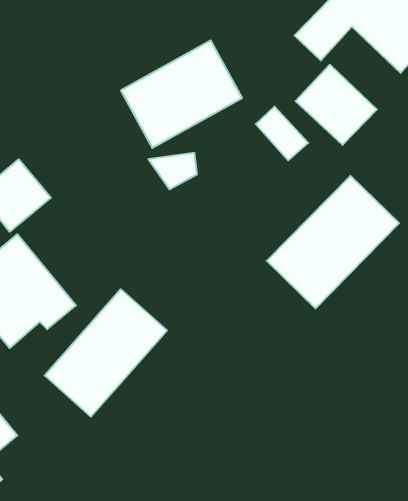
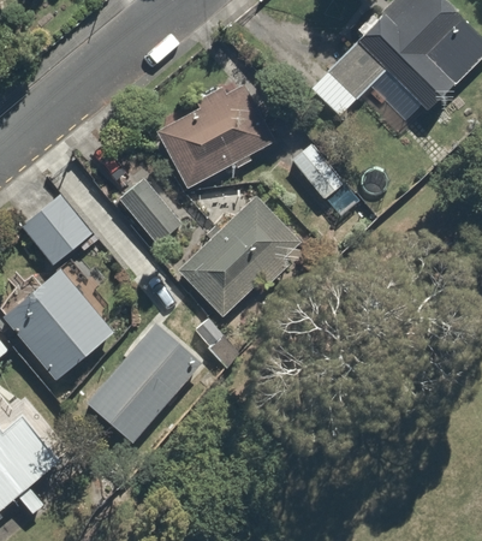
building: [296,65,377,145] -> none
building: none -> [115,176,180,243]
building: [267,176,399,308] -> [177,195,304,322]

